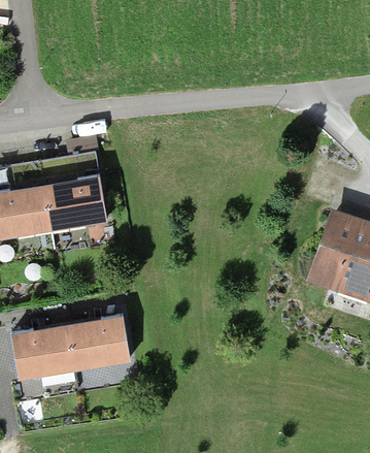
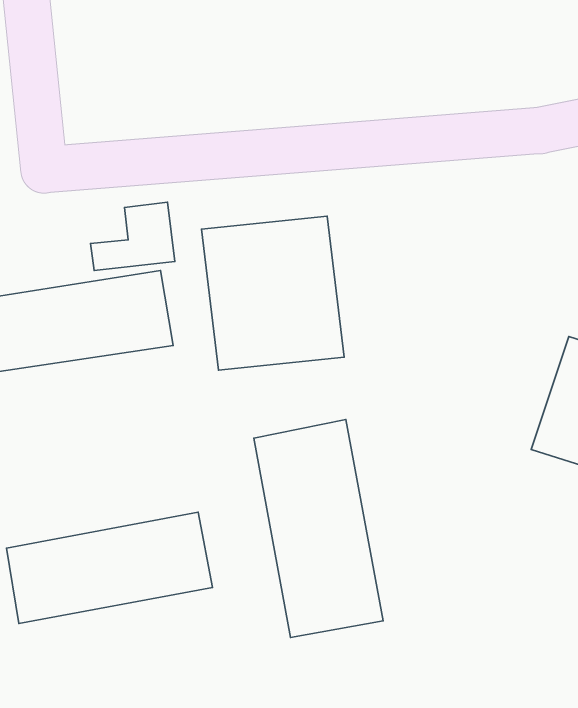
building: none -> [202,216,344,370]
building: none -> [254,420,383,638]

